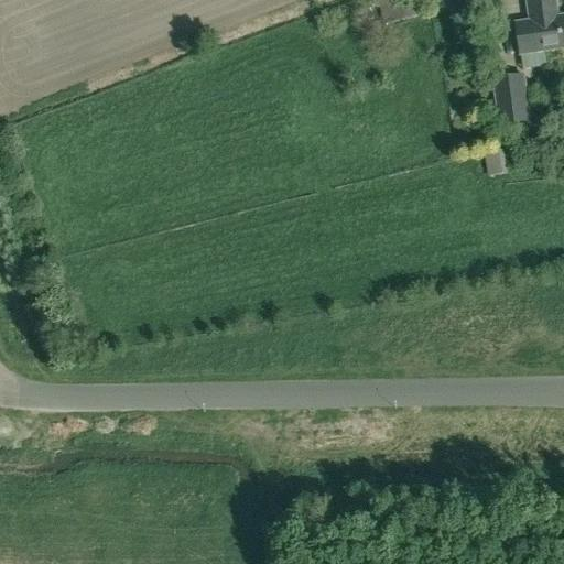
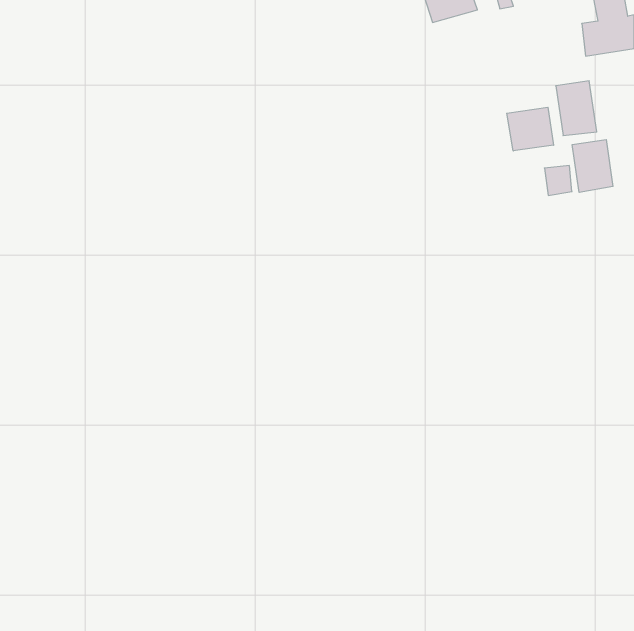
building: none -> [507,107,554,151]
building: none -> [572,140,613,192]

